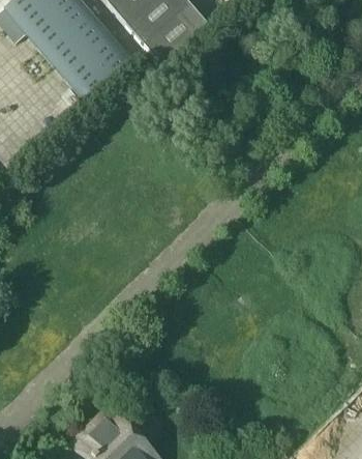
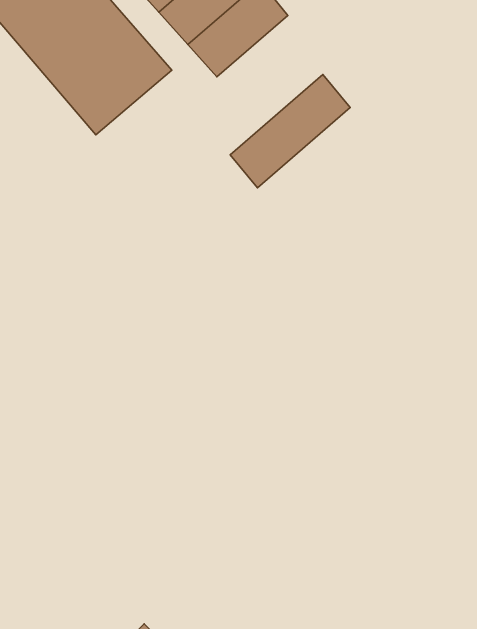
building: none -> [230,74,350,188]

